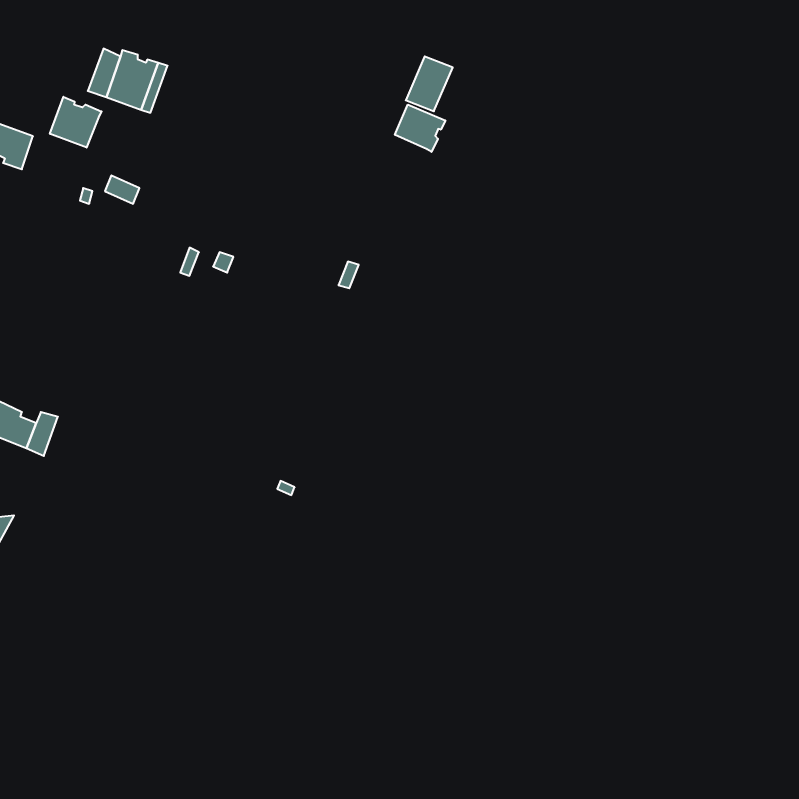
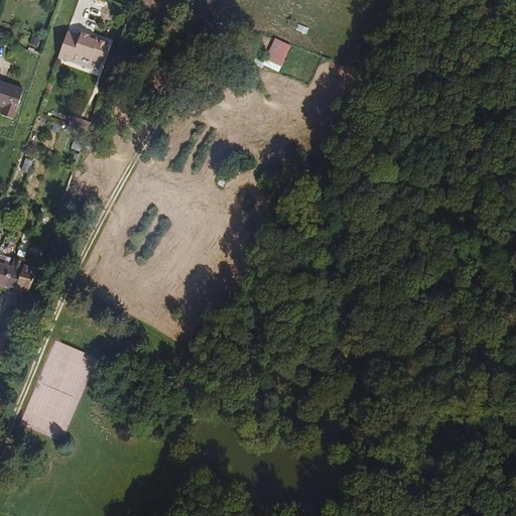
building: [50,97,102,148] -> none
building: [395,105,445,152] -> none

